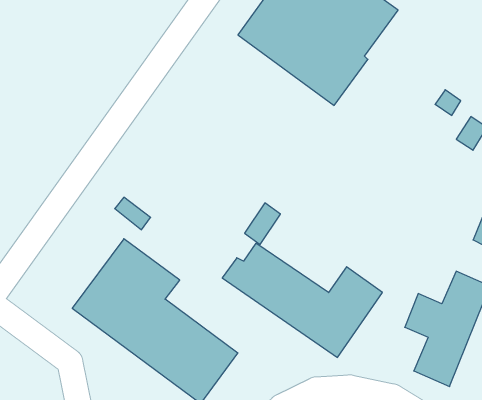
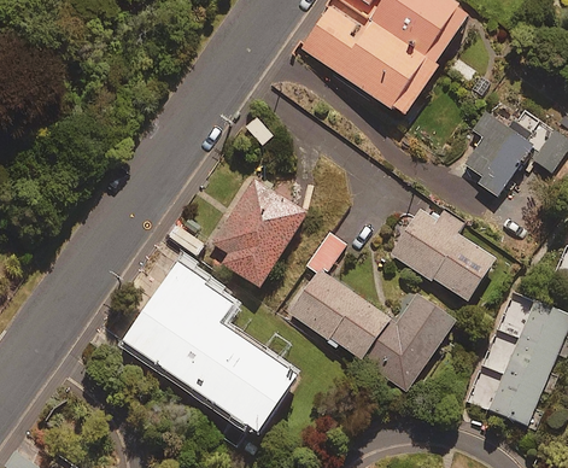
building: none -> [461,111,533,195]
building: none -> [210,176,308,289]
building: none -> [391,207,496,302]

